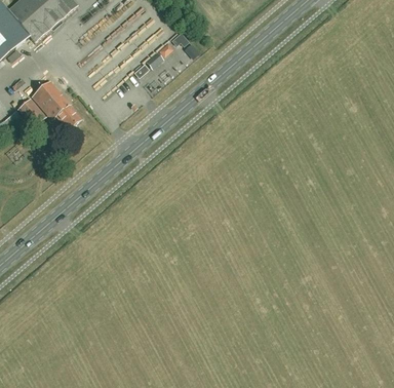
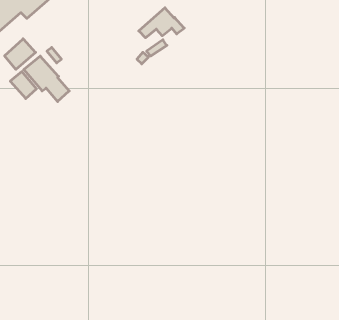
building: none -> [5,39,36,69]

